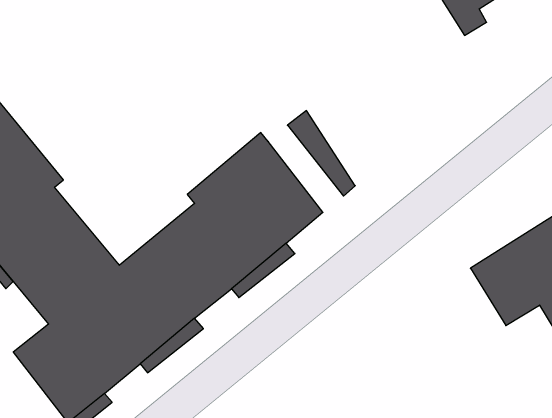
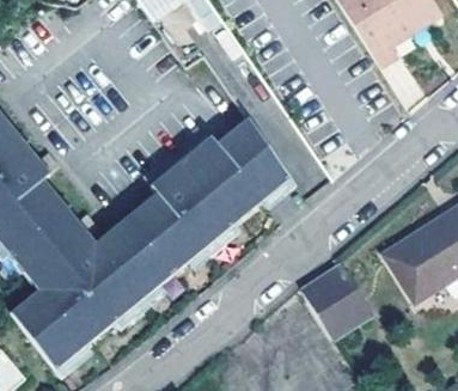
building: none -> [220,134,298,213]
building: none -> [299,263,367,336]

